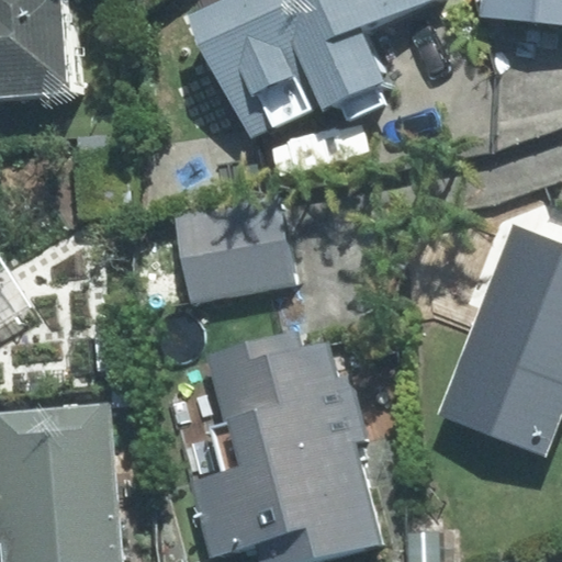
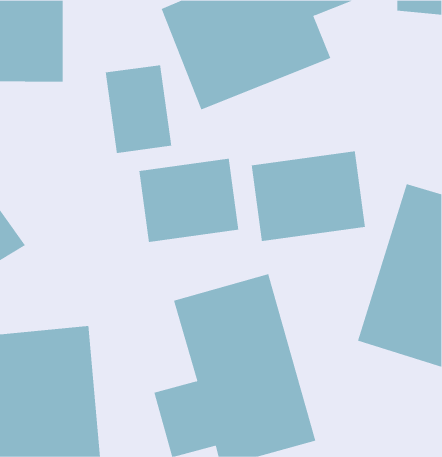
building: none -> [105,64,172,154]
building: none -> [251,151,366,242]

